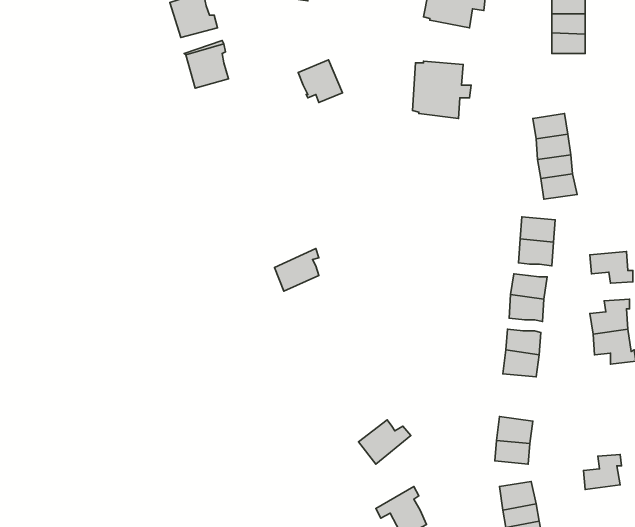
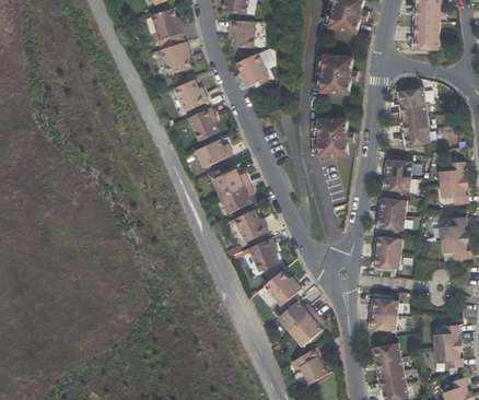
building: none -> [227,19,253,46]
building: none -> [174,77,208,109]
building: none -> [187,105,218,140]
building: none -> [313,117,353,155]
building: none -> [195,138,231,166]
building: none -> [437,165,465,187]
building: none -> [212,167,249,196]
building: none -> [234,208,267,240]
building: none -> [247,236,277,270]
building: none -> [262,269,300,304]
building: none -> [291,311,322,345]
building: none -> [435,345,465,368]

